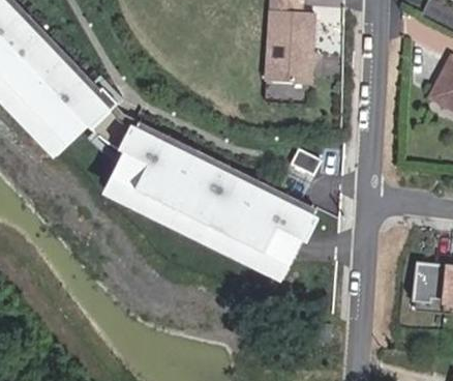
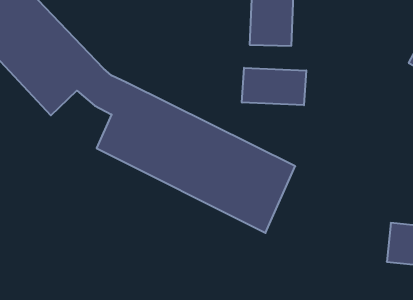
building: none -> [242,68,306,105]

